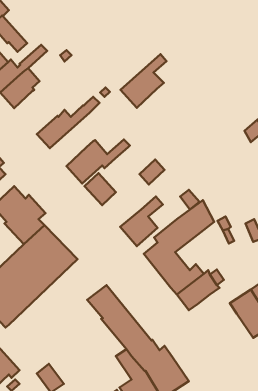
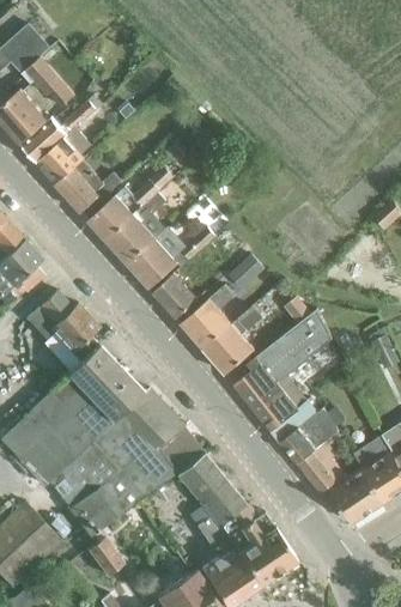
building: [120,54,167,108] -> [105,189,169,263]
building: none -> [56,159,121,216]
building: none -> [181,284,235,347]
building: none -> [49,388,184,536]
building: none -> [297,441,385,523]

